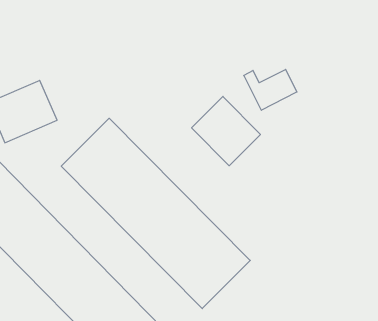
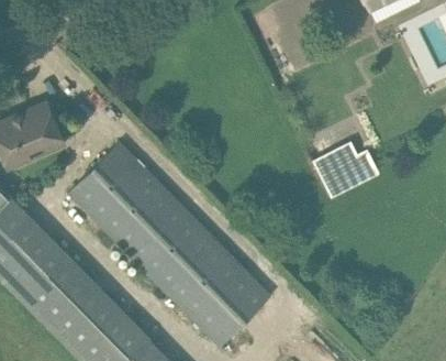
building: [244,69,297,110] -> [312,154,369,198]
building: [192,96,260,166] -> none

